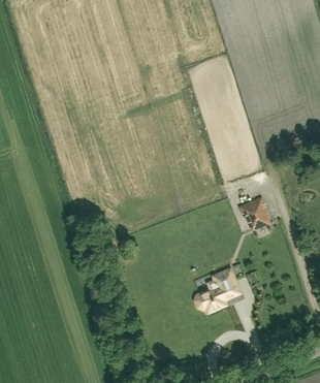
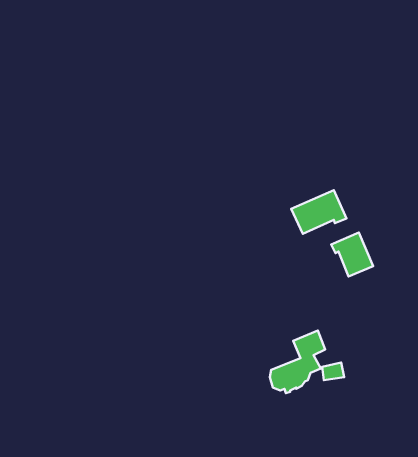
building: none -> [291,190,347,234]

